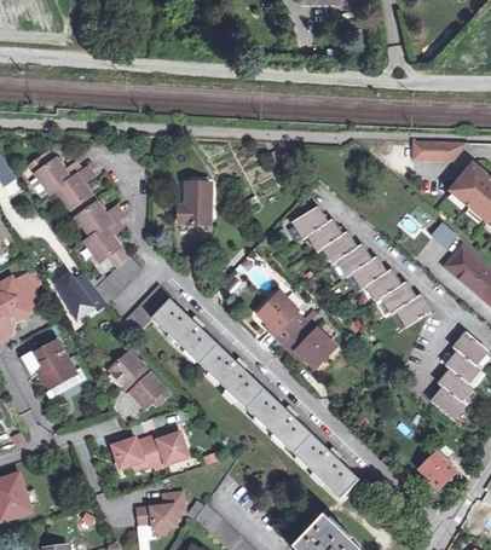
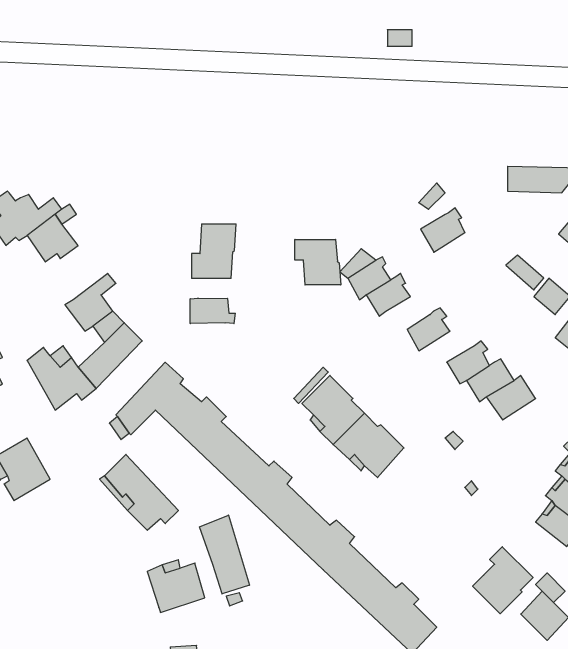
building: none -> [295,239,341,285]
building: [76,198,122,238] -> none
building: [320,231,353,264] -> [421,208,465,252]
building: none -> [190,298,235,324]
building: [351,256,386,288] -> none
building: none -> [199,515,249,594]
building: none -> [473,547,533,614]
building: [111,436,154,468] -> none

